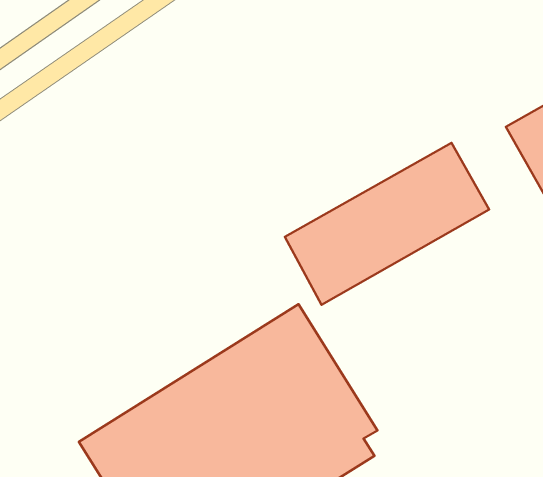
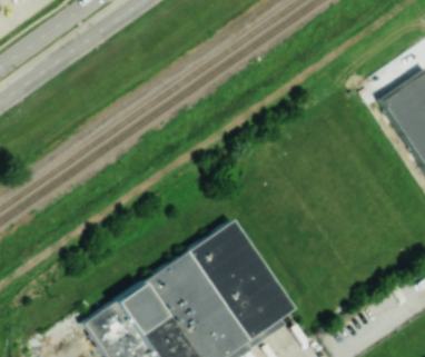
building: [285,143,489,305] -> none

